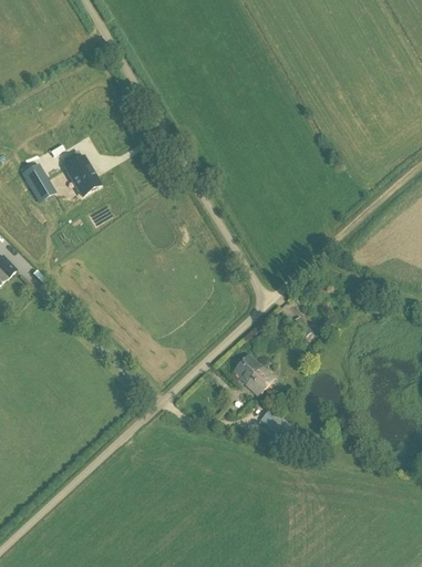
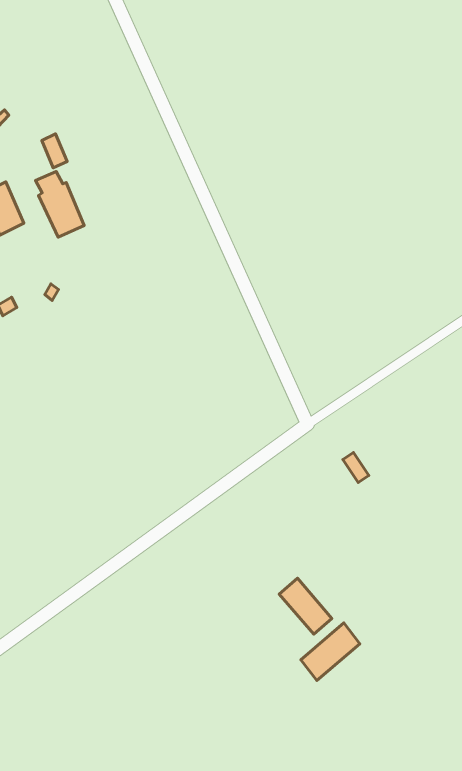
building: [230,354,271,394] -> none
building: none -> [301,623,360,681]

